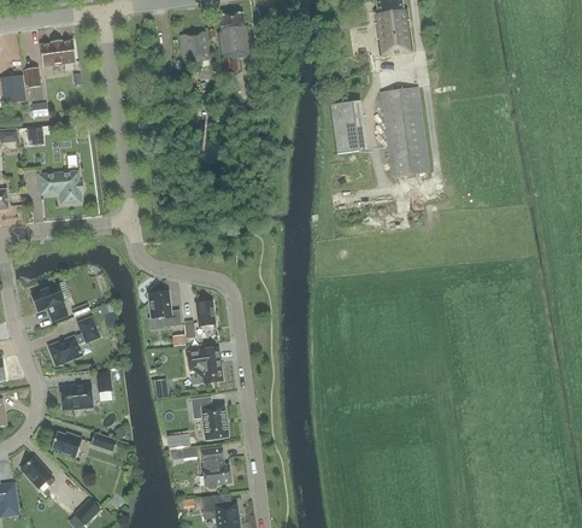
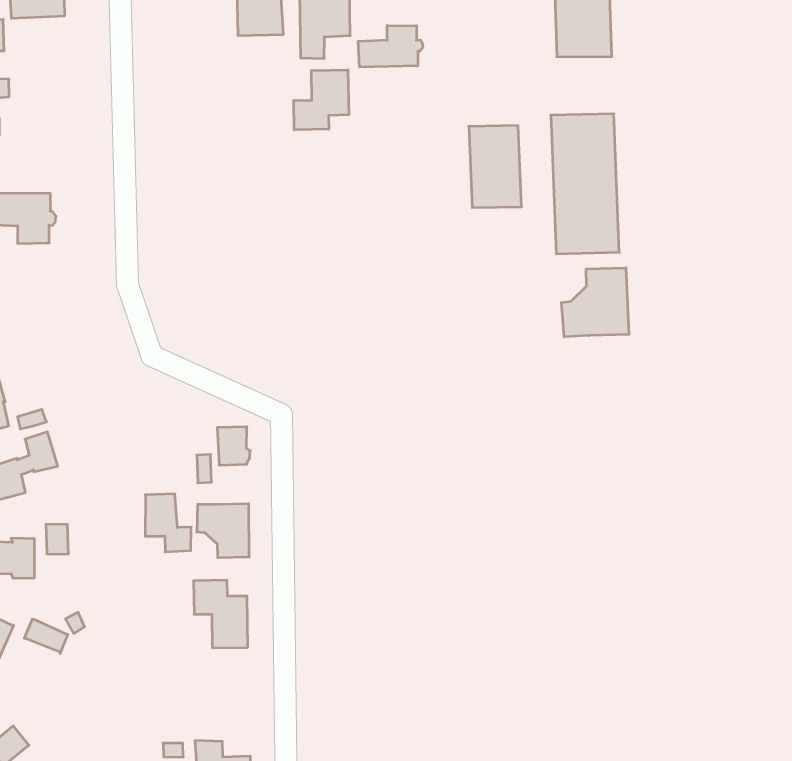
building: none -> [358,25,423,67]
building: none -> [294,70,349,130]
building: none -> [561,268,629,337]
building: [148,291,180,327] -> [145,494,191,552]
building: [200,447,230,488] -> none

